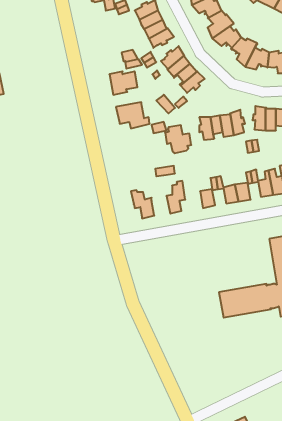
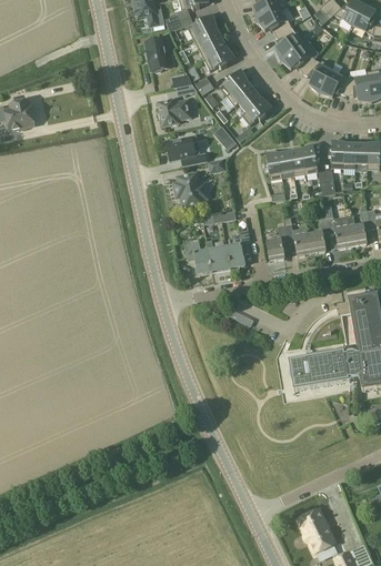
building: none -> [146,37,170,71]
building: [165,125,191,153] -> [174,173,205,206]
building: none -> [207,239,230,269]

